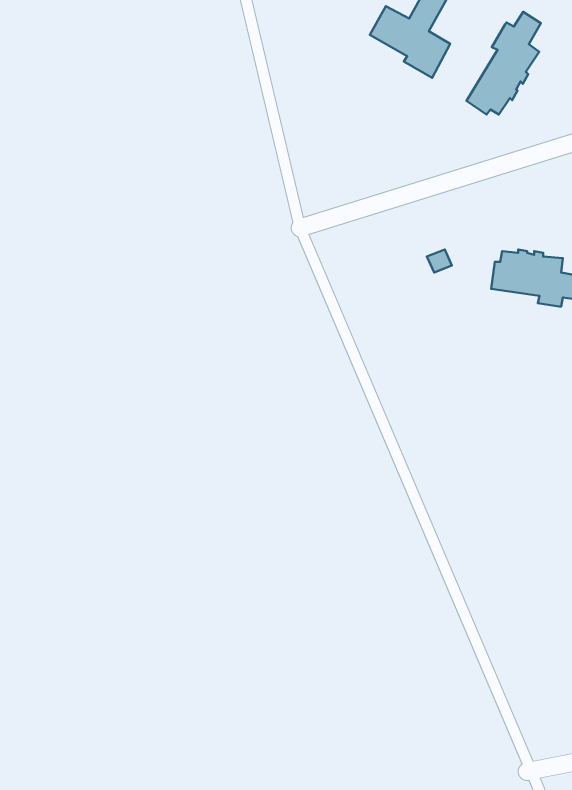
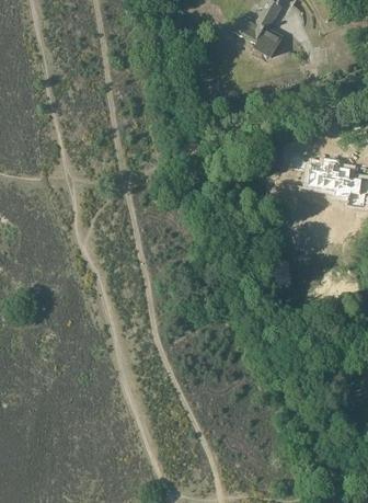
building: [467,12,541,115] -> none

